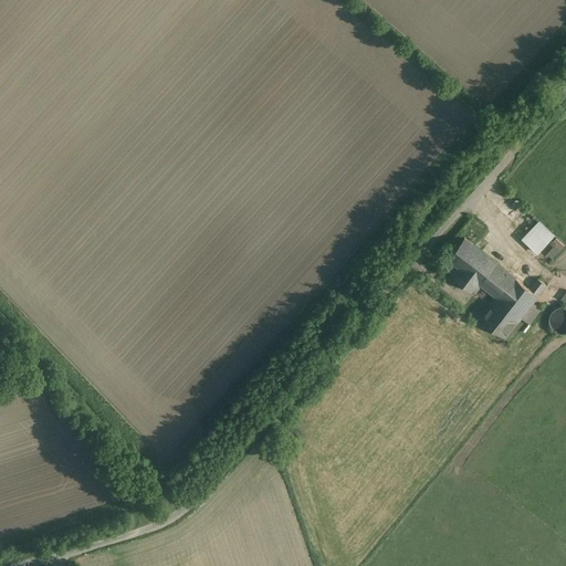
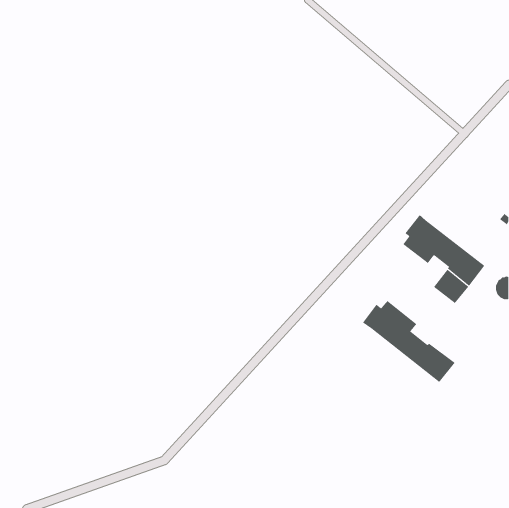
building: [522,221,555,254] -> none
building: none -> [362,300,456,383]

